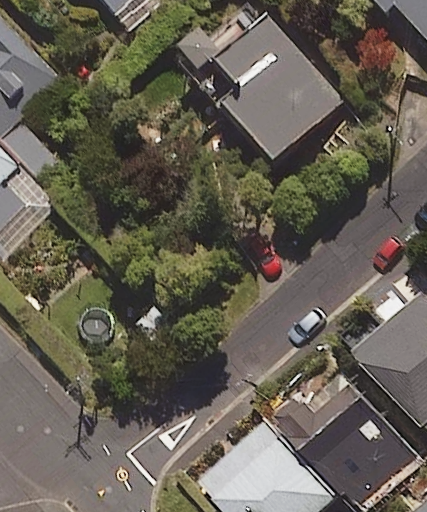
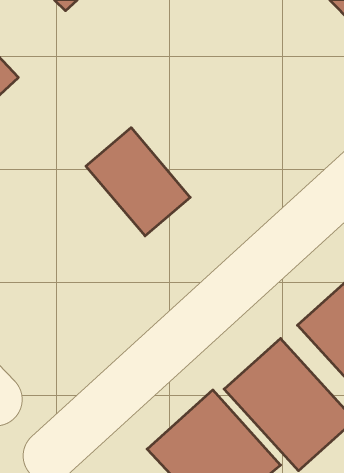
building: [212,16,342,163] -> none
building: none -> [86,128,190,236]

